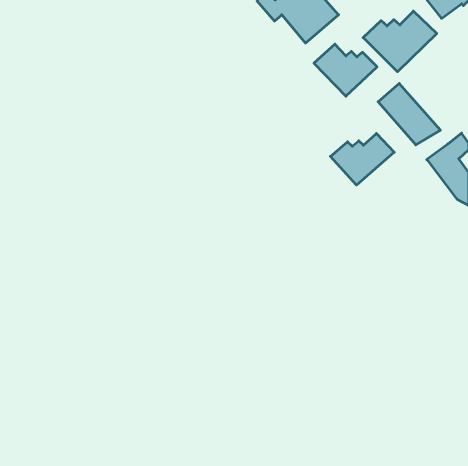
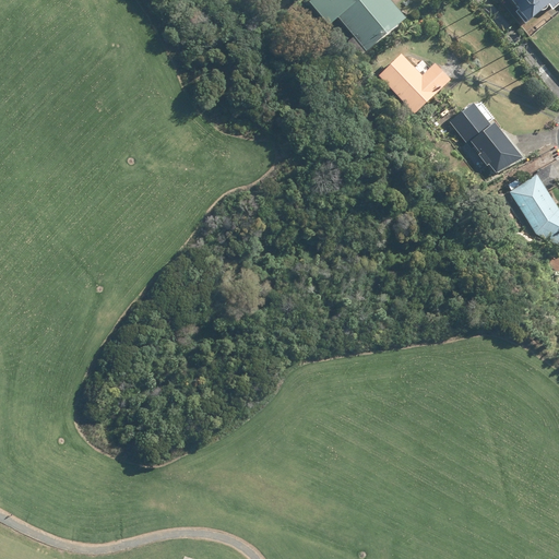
building: [363,11,437,72] -> none
building: [330,133,394,185] -> none

